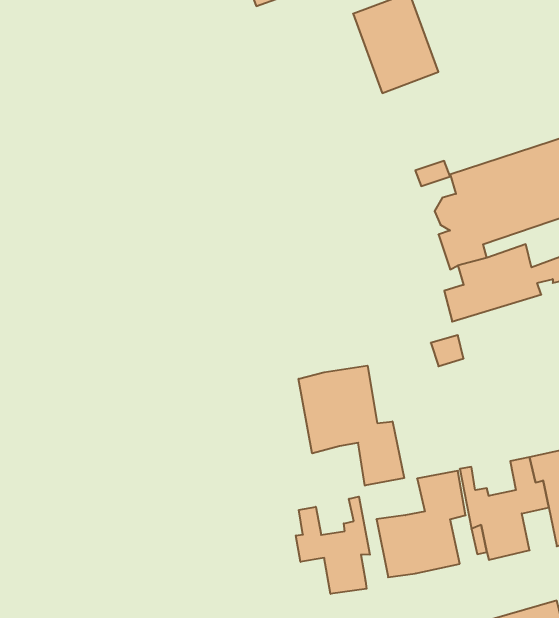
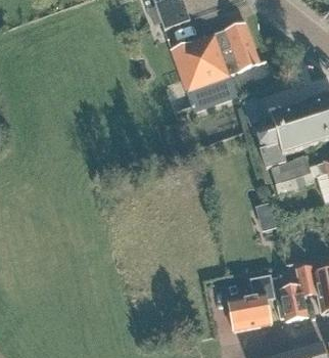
building: none -> [171,33,238,111]
building: [299,366,404,486] -> none
building: [296,497,370,594] -> none

